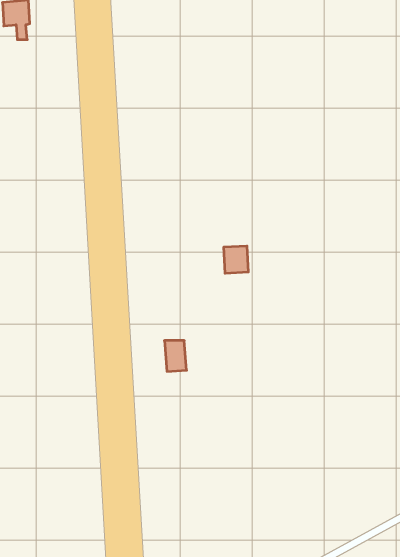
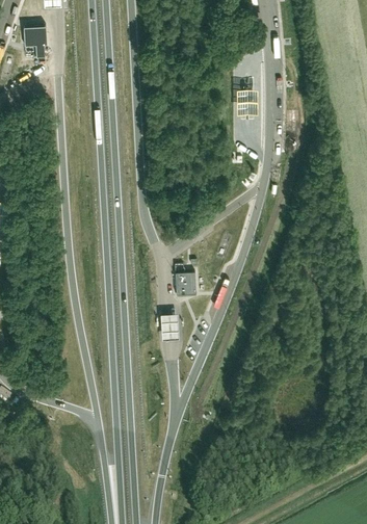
building: [224,246,248,273] -> [174,272,194,295]

